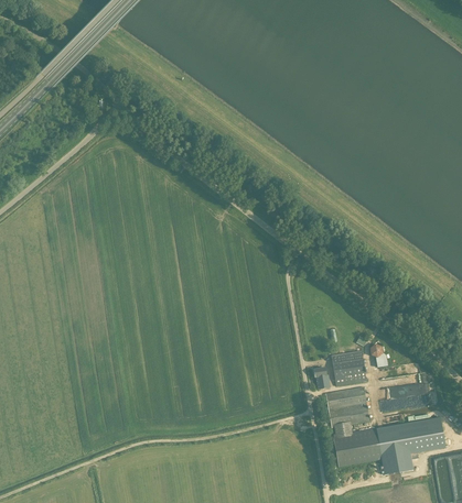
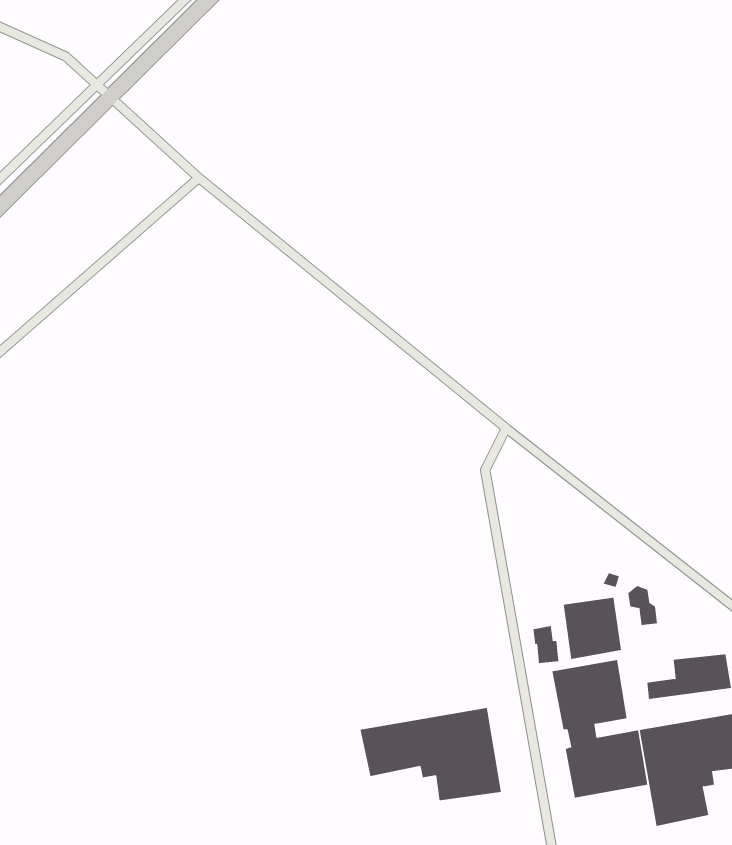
building: none -> [360,707,501,801]

